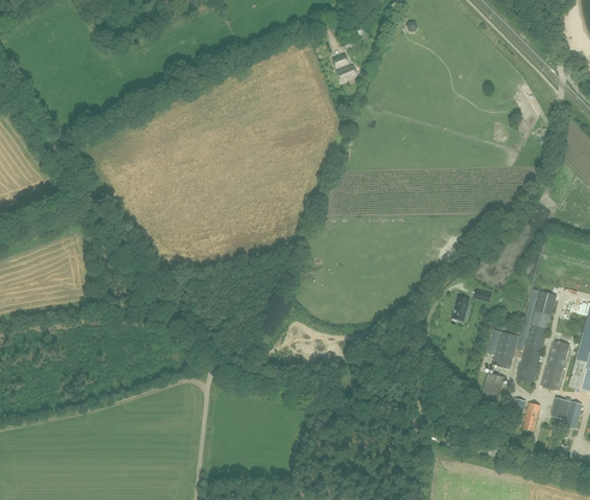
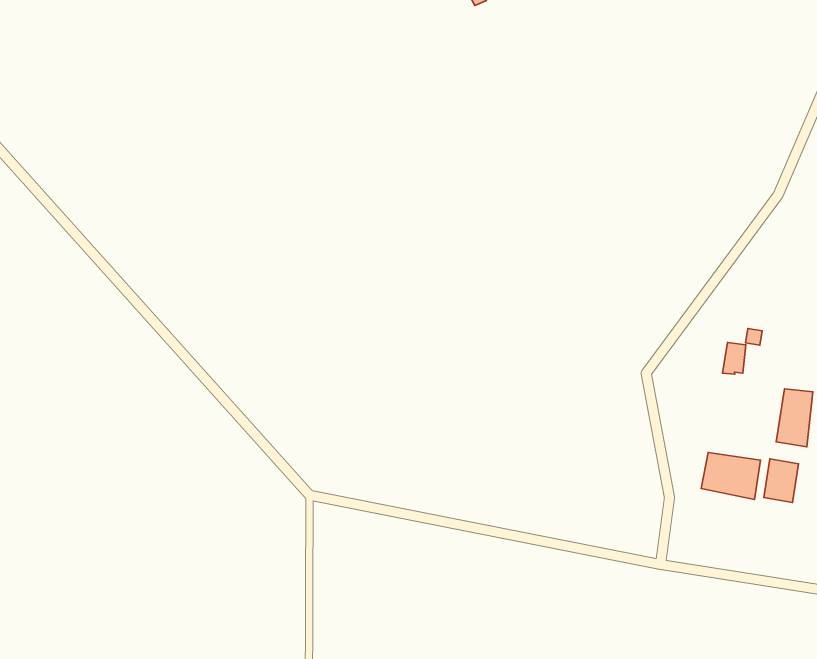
building: none -> [701,452,761,500]

